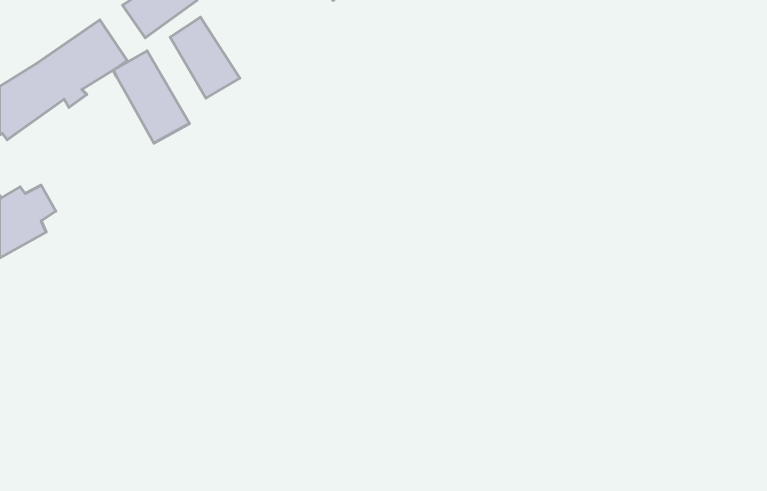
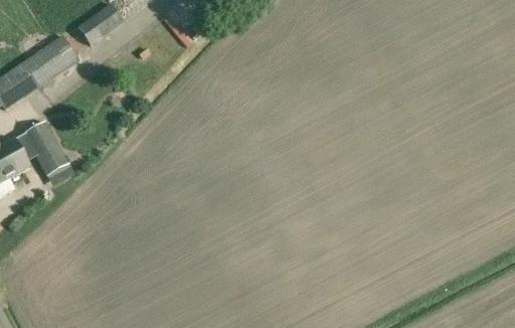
building: [170,17,240,98] -> none
building: [113,51,189,143] -> [24,120,71,177]

